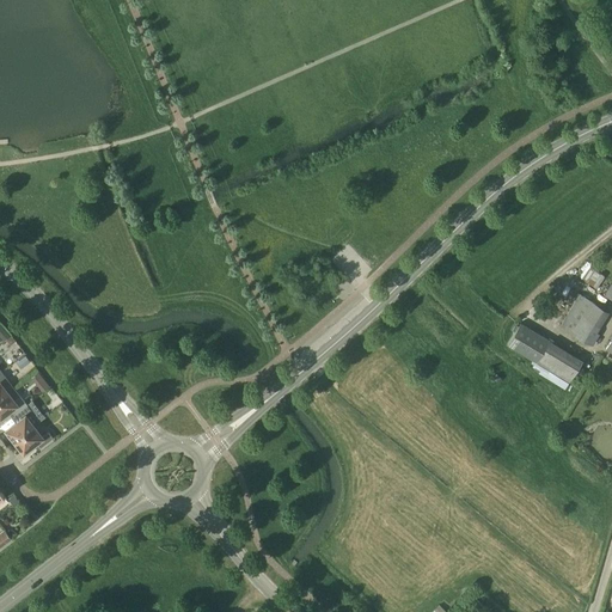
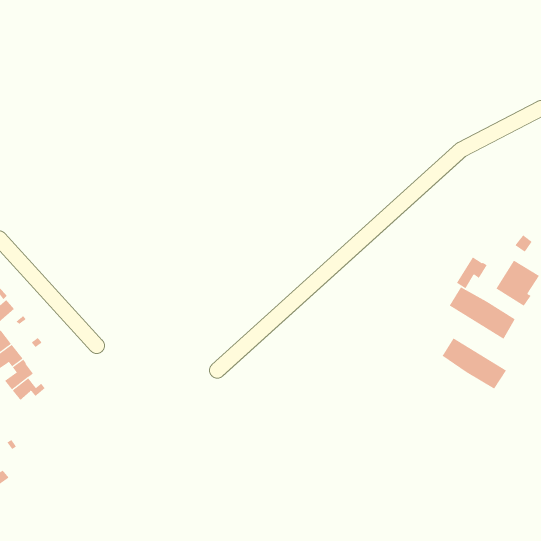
building: none -> [456,256,487,289]
building: none -> [442,337,507,390]

